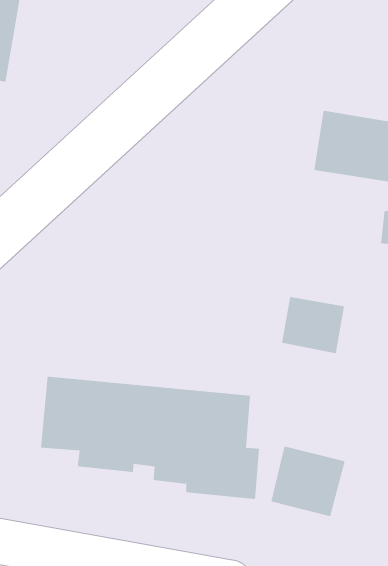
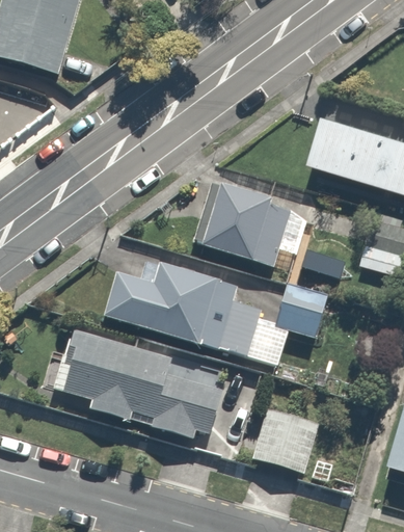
building: none -> [198,184,297,269]
building: none -> [102,260,264,358]

